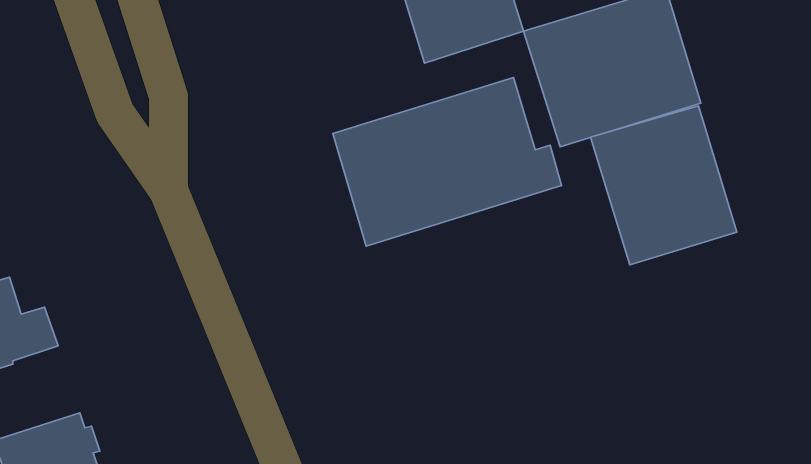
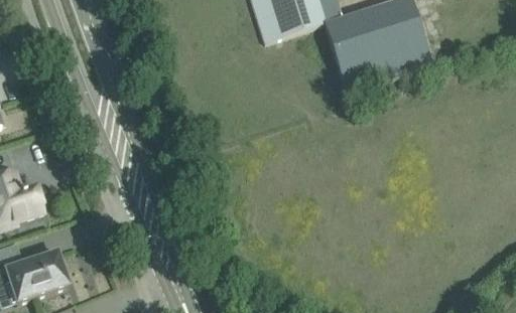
building: [333,78,562,246] -> none
building: [591,106,737,265] -> none

